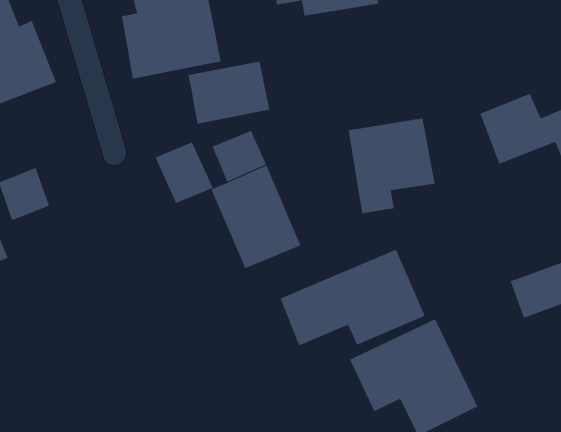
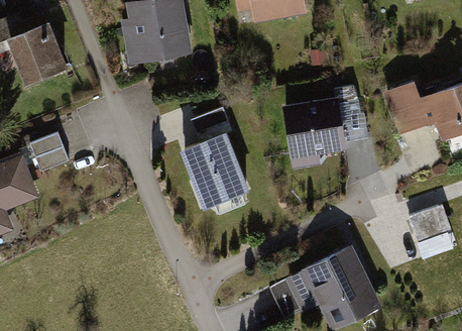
building: [188,61,270,125] -> none
building: [155,141,213,204] -> none
building: [280,249,425,346] -> none

